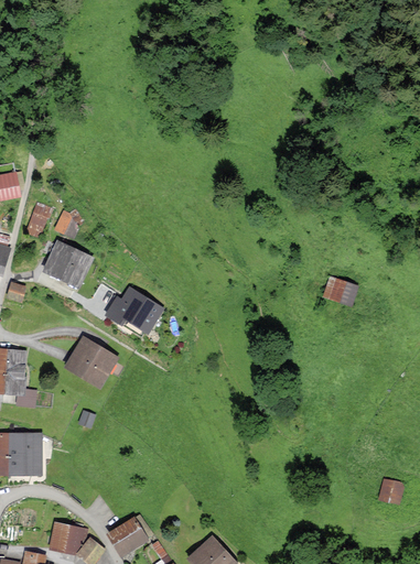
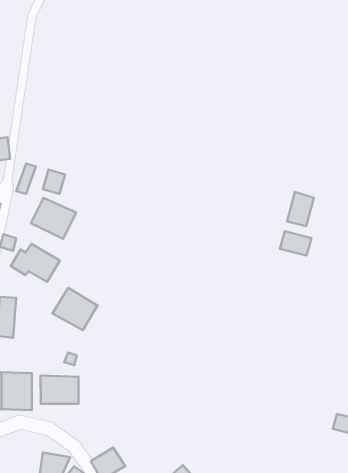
building: none -> [287,192,314,226]
building: [107,289,162,332] -> [11,244,60,282]
building: none -> [40,375,79,404]

